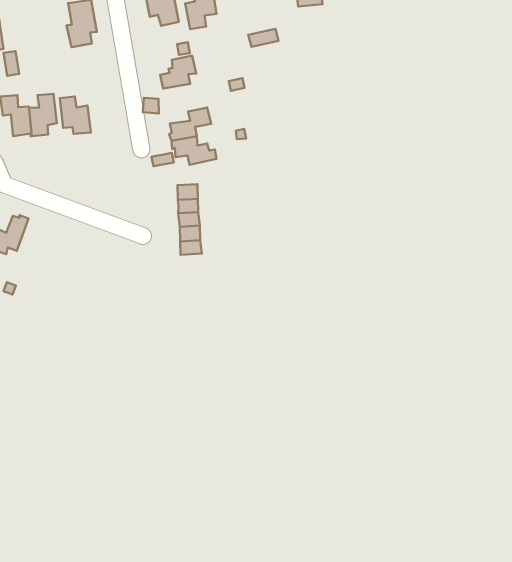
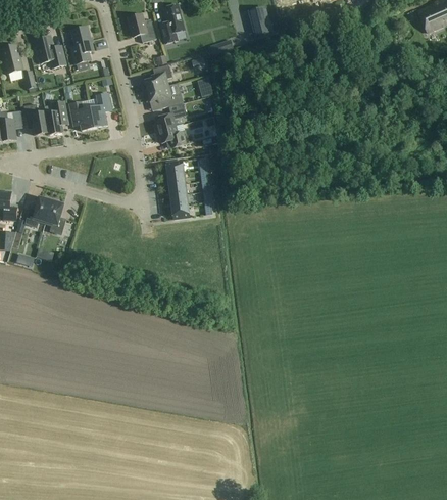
building: none -> [35,35,66,67]
building: none -> [148,85,180,107]
building: none -> [91,92,117,128]
building: none -> [45,197,65,233]

